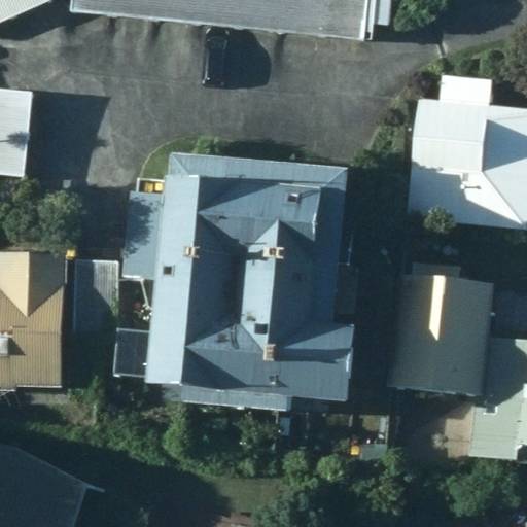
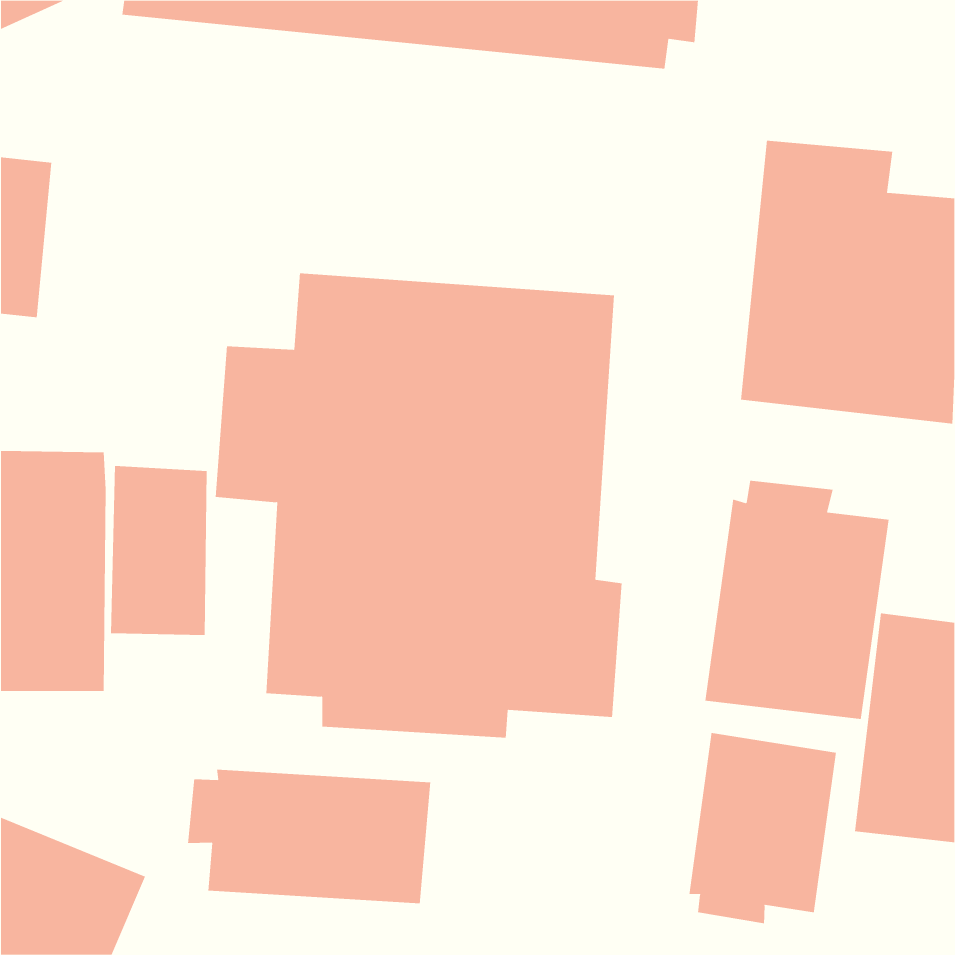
building: none -> [689,732,836,924]
building: none -> [187,769,431,904]

